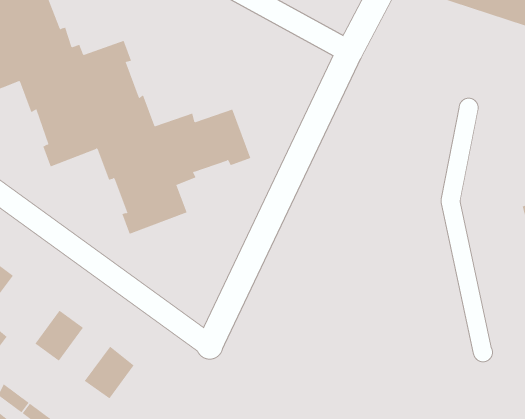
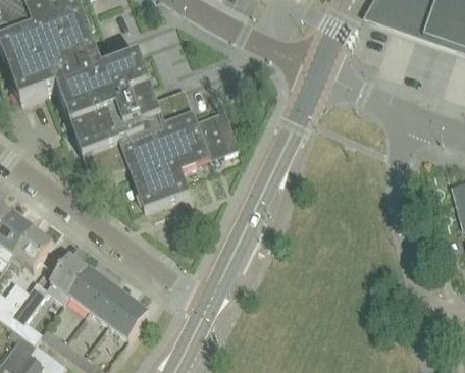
building: none -> [49,252,89,292]
building: none -> [89,280,128,322]

